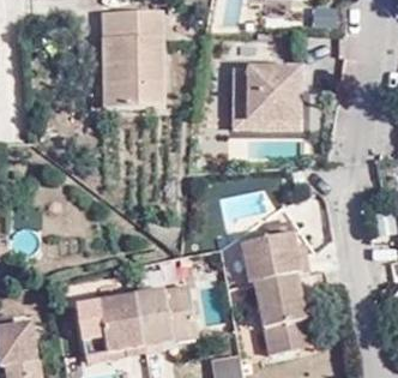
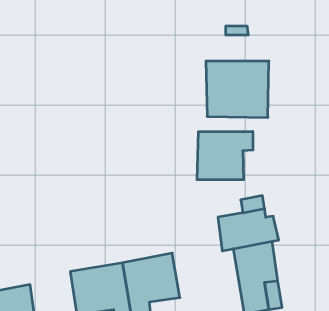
building: [102,14,162,107] -> none
building: none -> [197,131,253,180]

